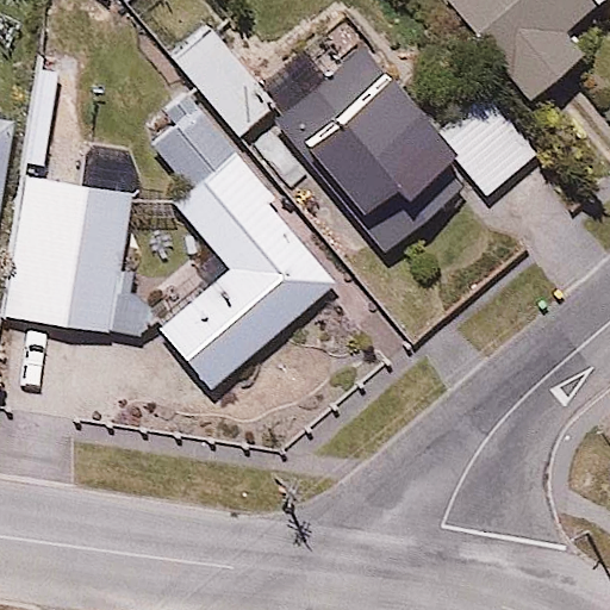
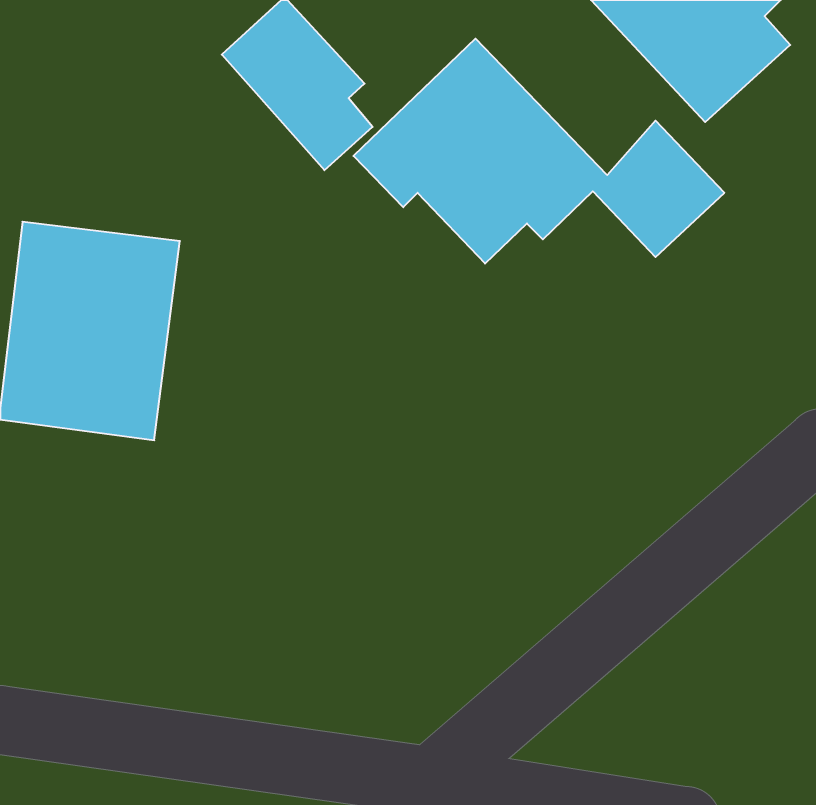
building: [150,91,341,390] -> none

